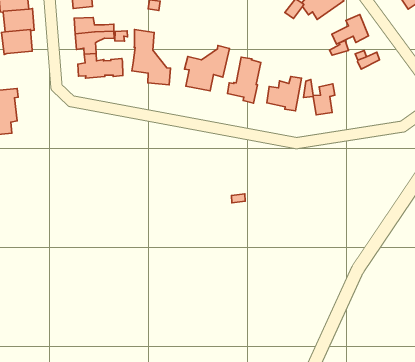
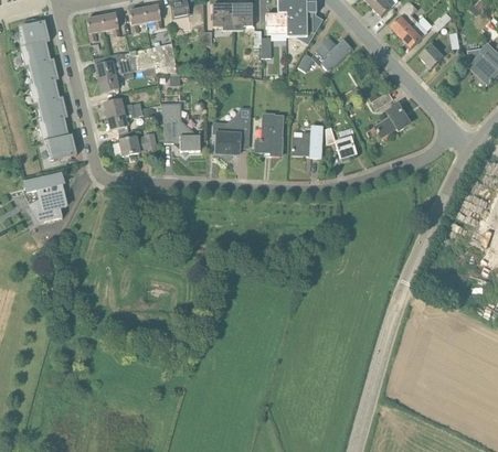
building: [332,14,369,44] -> [374,104,409,134]
building: none -> [45,136,76,165]

